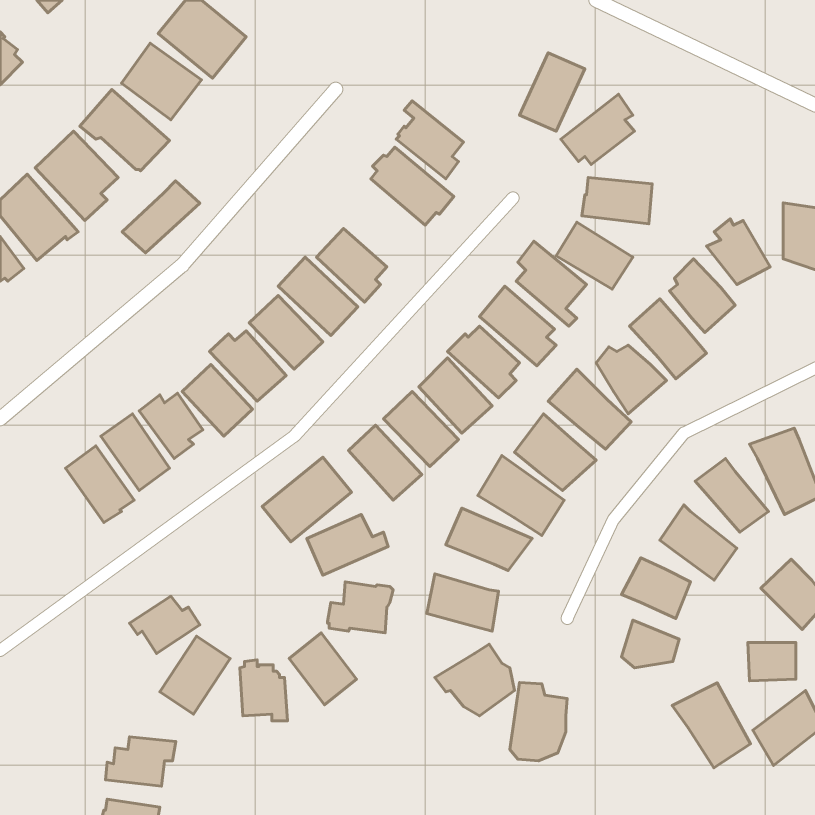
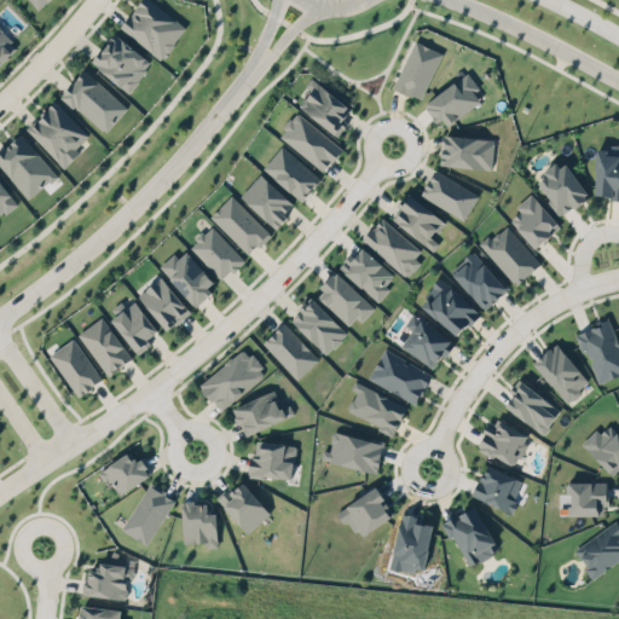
building: [122,181,200,253] -> none
building: none -> [265,145,322,202]
building: [672,683,751,768] -> [435,505,494,569]

